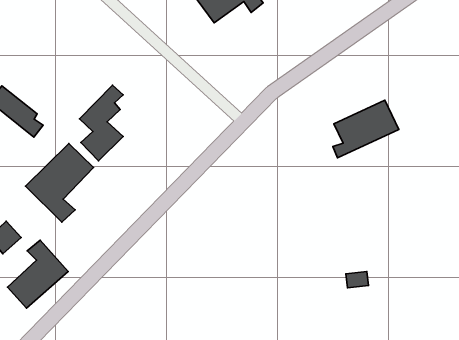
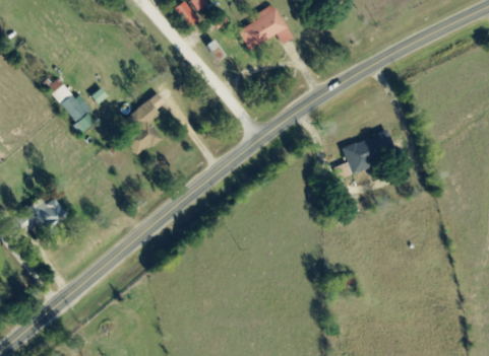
building: [25,143,93,222] -> none
building: [7,240,68,308] -> none

